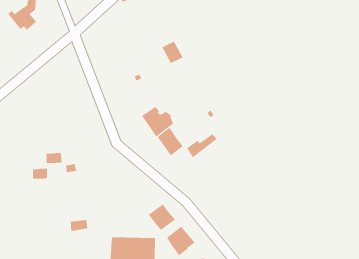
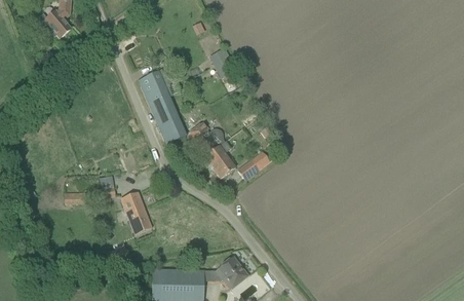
building: none -> [140,70,186,143]
building: none -> [121,191,152,233]
building: [148,204,176,231] -> none

